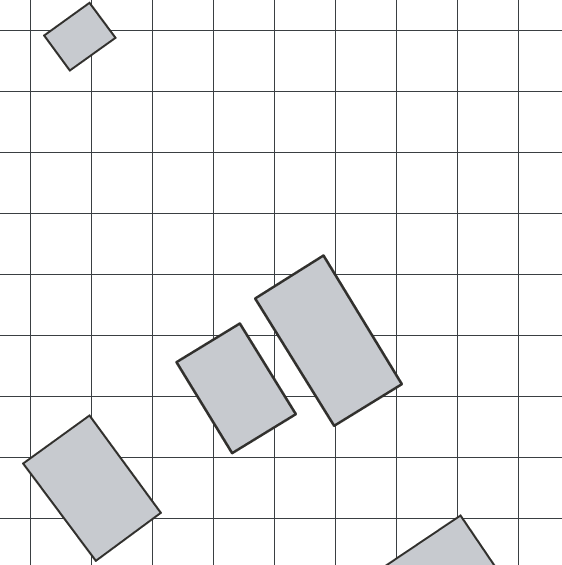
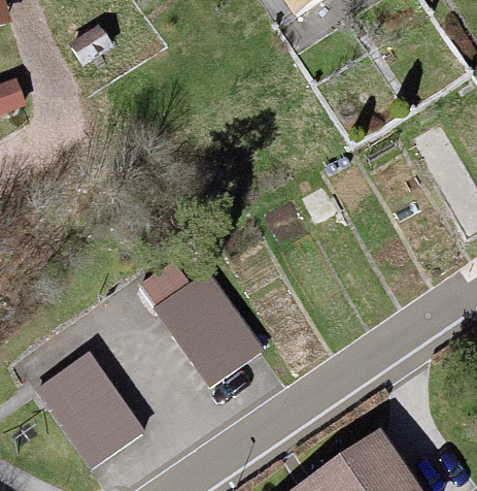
building: [255,255,402,426] -> none

